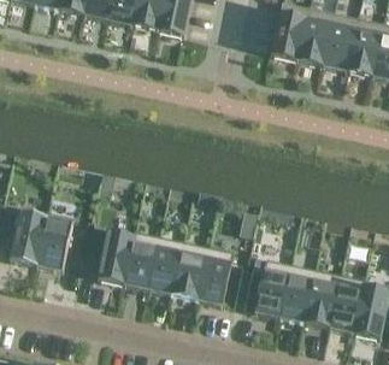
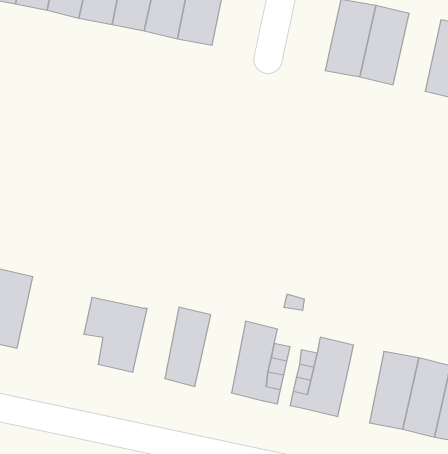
building: [322,13,358,72] -> none
building: [36,213,88,272] -> none
building: [124,231,159,290] -> none
building: [171,242,210,301] -> none
building: [279,265,314,324] -> none

